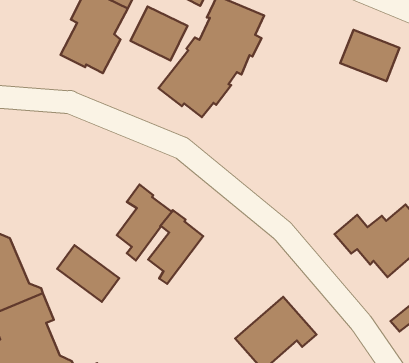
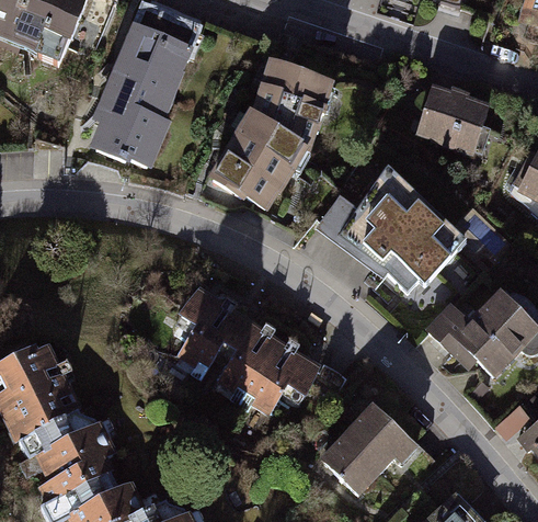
building: [131,6,188,60] -> none
building: none -> [319,173,461,292]
building: none -> [239,344,318,412]
building: [57,245,119,302] -> none

